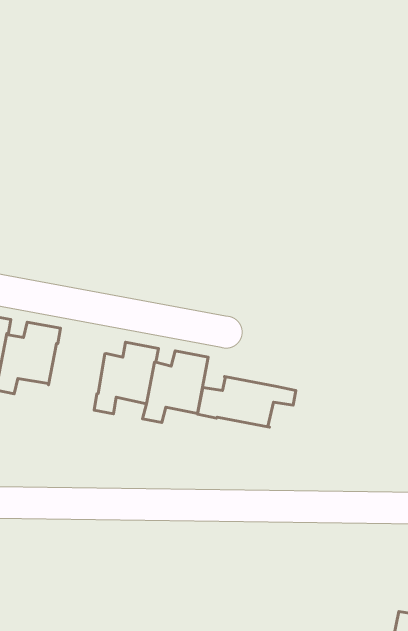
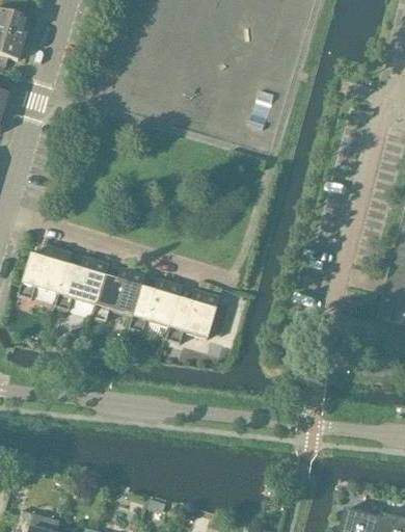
building: none -> [91,268,145,322]
building: [197,377,296,427] -> none

